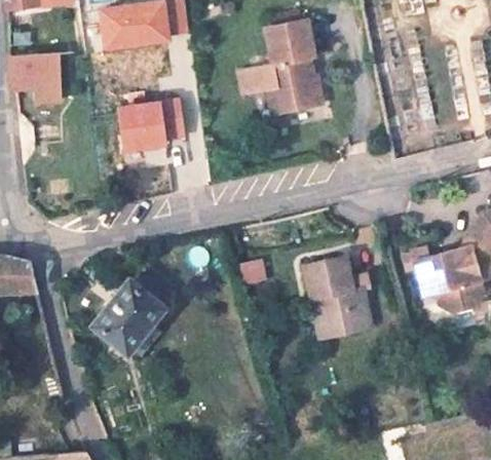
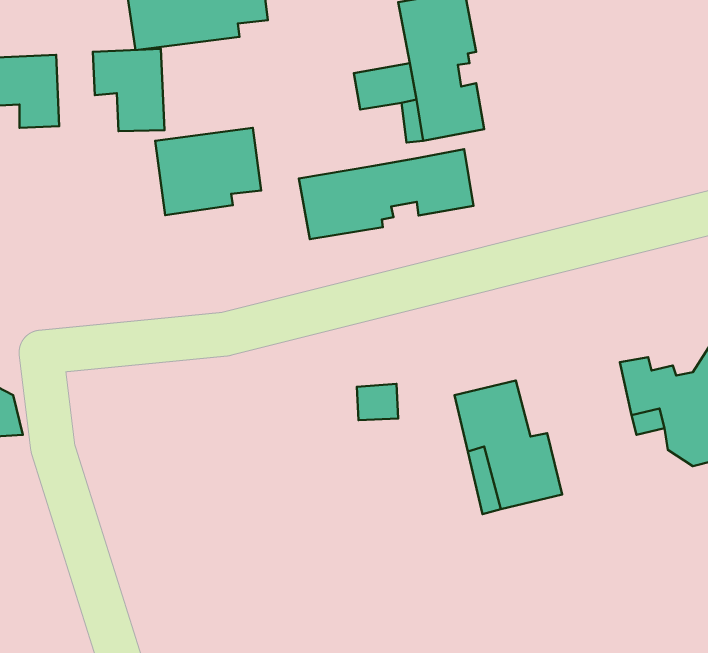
building: none -> [93,49,164,131]
building: none -> [299,149,474,239]
building: [95,278,163,344] -> none

